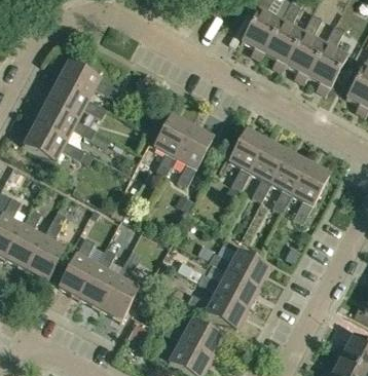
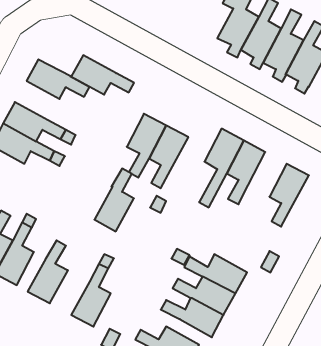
building: [46,81,107,119] -> [71,55,134,95]
building: [271,150,308,211] -> none
building: [80,247,118,307] -> [94,169,134,231]

